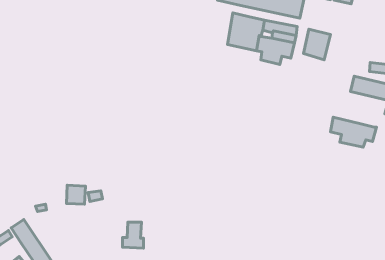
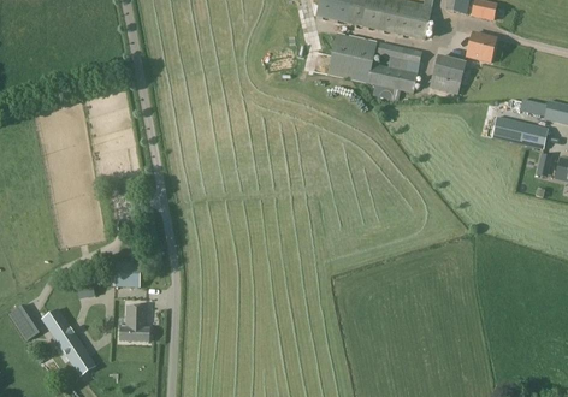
building: none -> [466,31,496,61]
building: [330,117,376,147] -> none
building: [123,222,143,248] -> [120,306,148,340]

